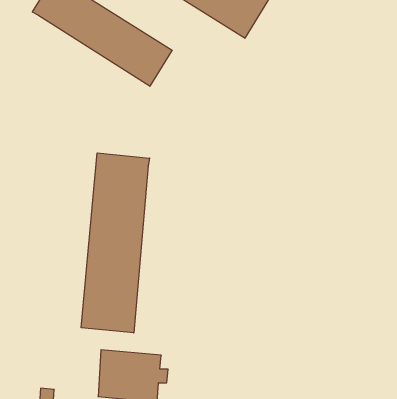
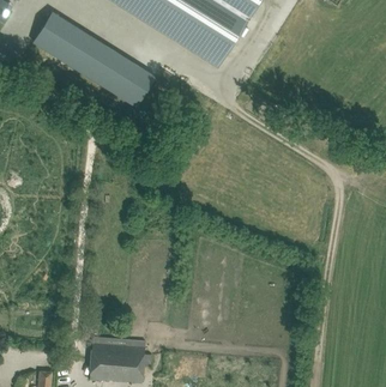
building: [81,153,150,333] -> none

